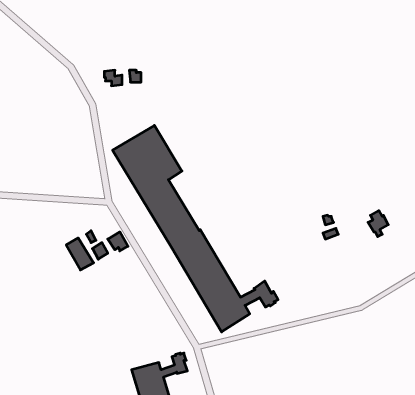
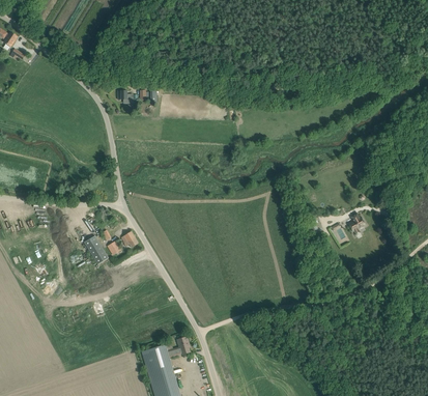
building: [113,125,278,332] -> none

